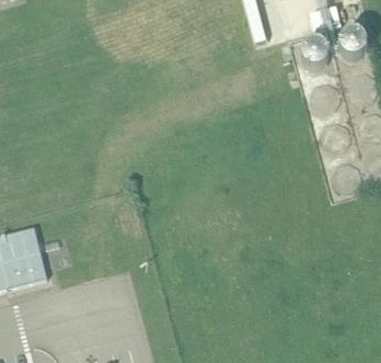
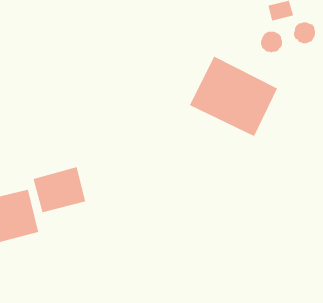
building: none -> [189,56,278,137]
building: none -> [32,166,86,213]

